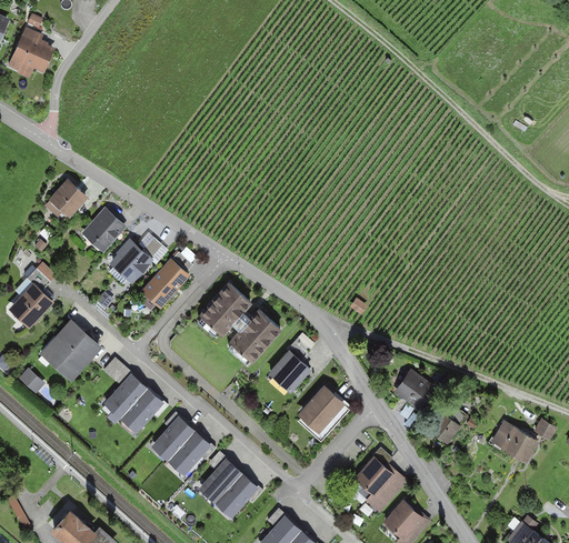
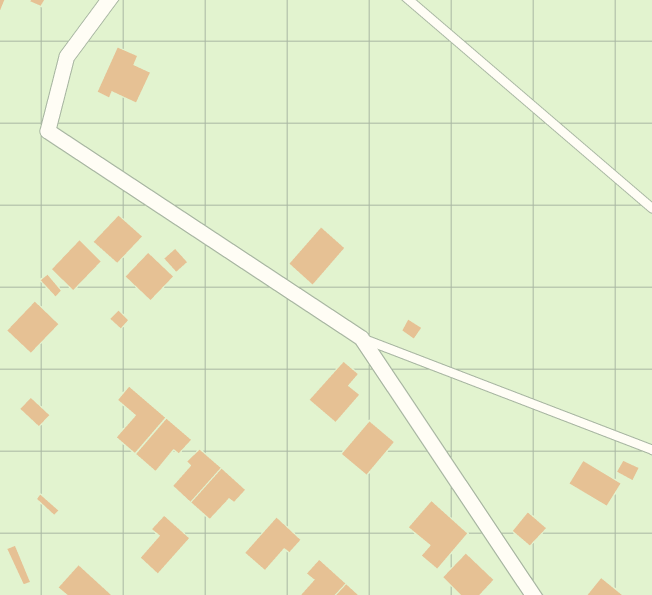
building: [6,28,52,77] -> [97,47,151,103]
building: [43,181,87,225] -> [51,240,101,291]
building: [142,259,189,308] -> none
building: [201,283,250,334] -> [289,226,345,285]
building: [230,310,280,363] -> none
building: [39,320,100,381] -> none
building: [393,371,437,413] -> none
building: [431,414,461,444] -> [512,511,547,546]
building: [197,450,240,501] -> [140,515,190,574]

